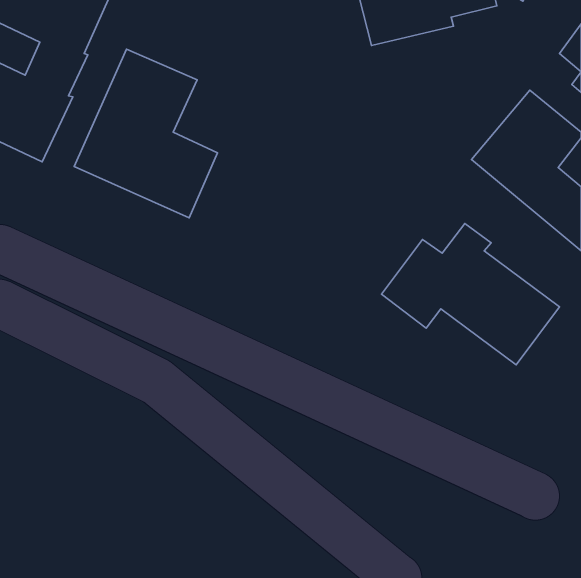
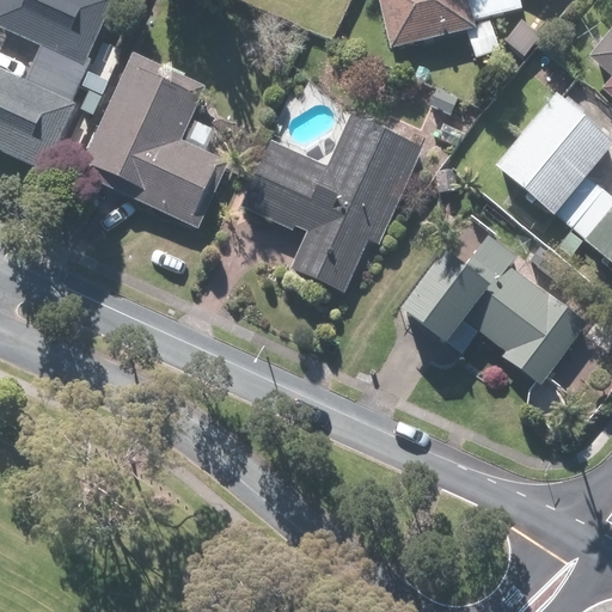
building: none -> [240,114,423,292]

